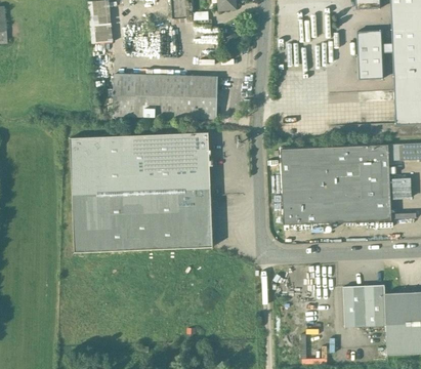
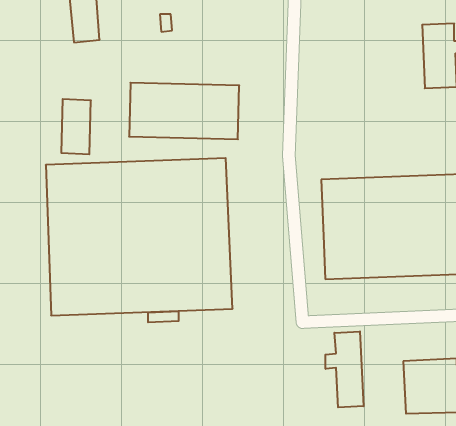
building: [113,74,135,116] -> [61,99,91,154]
building: none -> [325,331,364,407]

